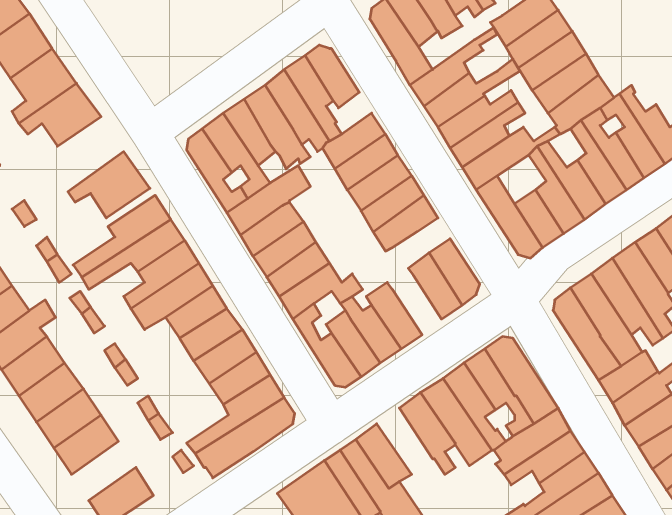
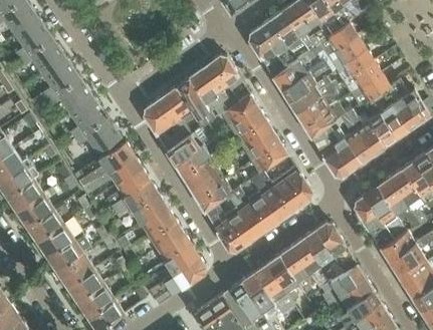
building: none -> [69,97,107,140]
building: none -> [250,173,290,223]
building: none -> [253,265,294,316]
building: none -> [77,284,115,318]

